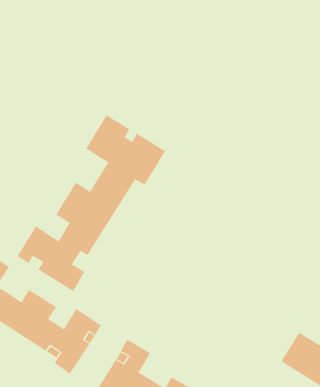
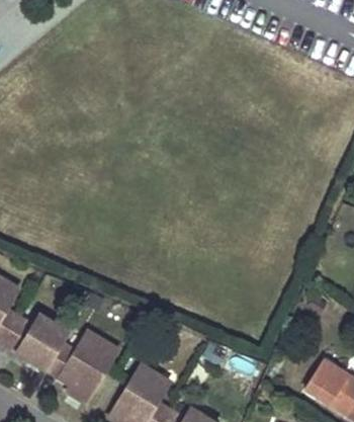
building: [17,114,166,292] -> none

